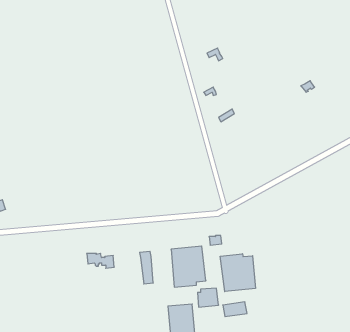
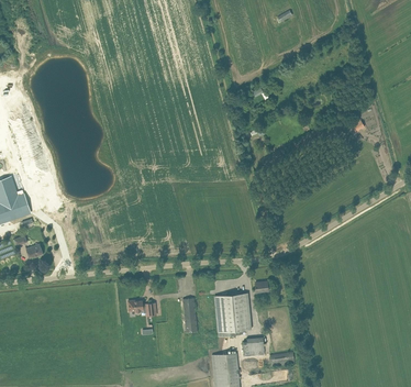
building: [220,254,255,292] -> none

